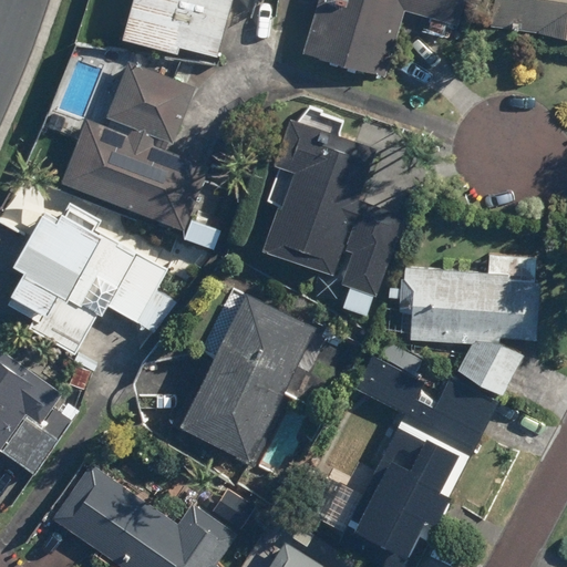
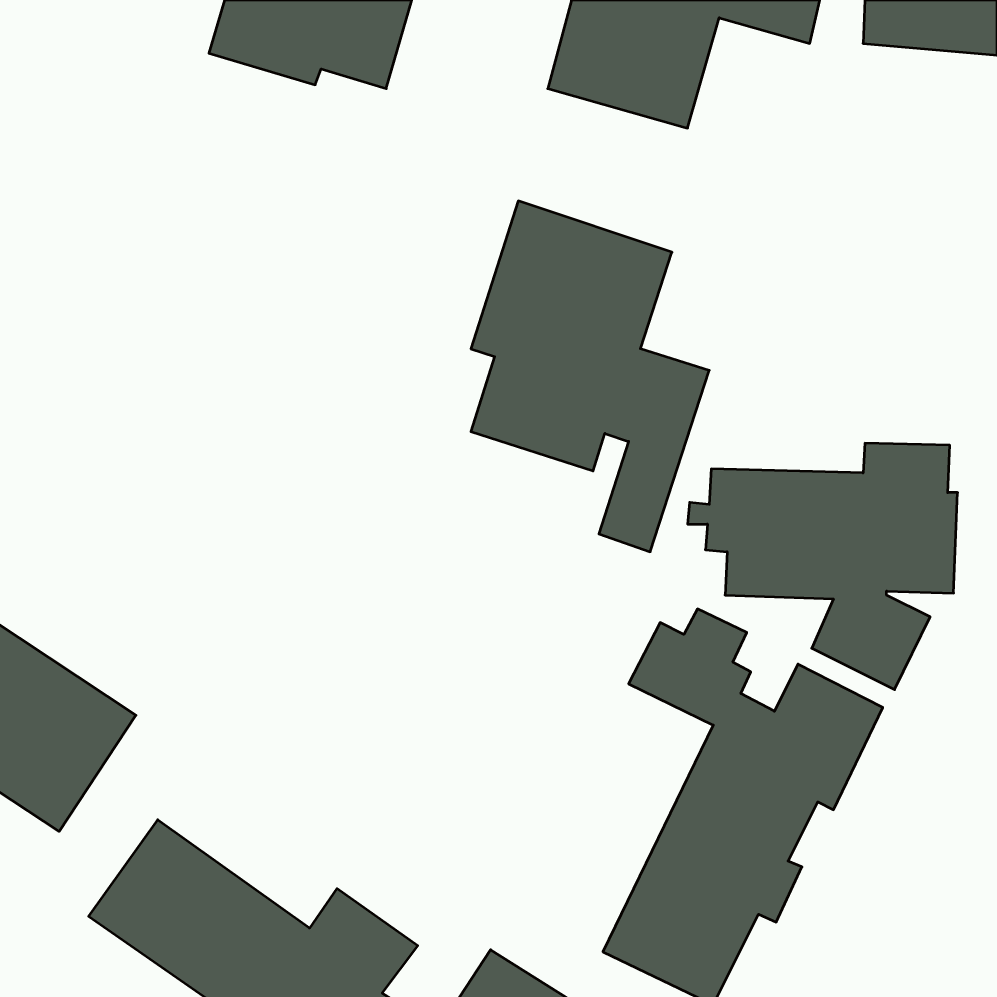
building: [62,61,209,231] -> none
building: [8,209,171,355] -> none
building: [171,288,313,465] -> none

